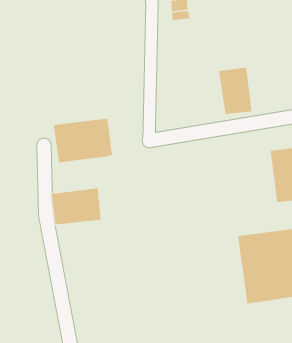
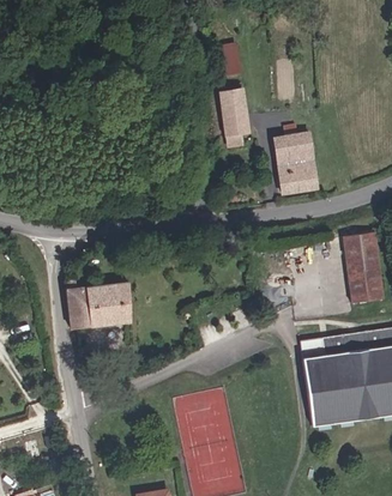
building: none -> [221,89,248,147]
building: [53,118,113,163] -> none

